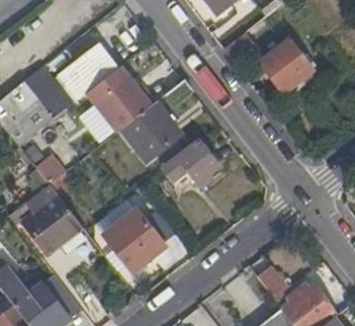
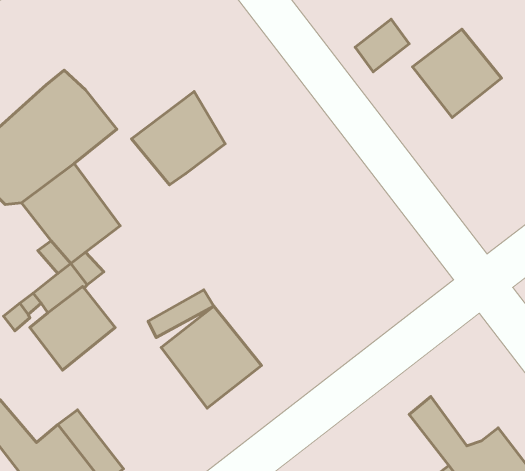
building: [59,48,115,101] -> none
building: [120,102,180,162] -> none
building: [162,141,219,188] -> none

